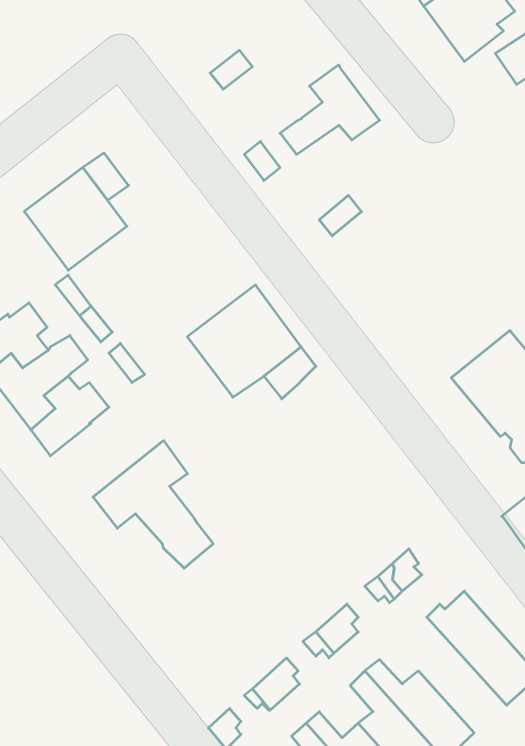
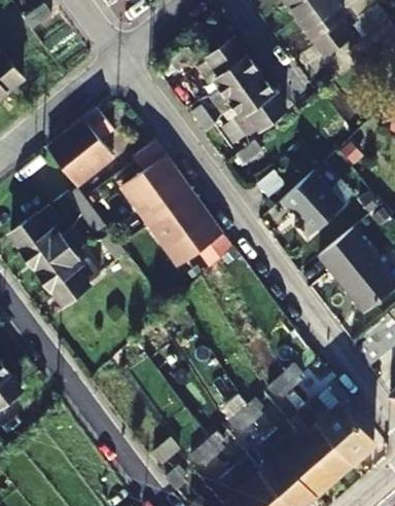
building: none -> [196,41,248,93]
building: none -> [235,94,286,138]
building: none -> [122,144,195,230]
building: none -> [279,172,344,240]
building: [93,441,213,568] -> none
building: none -> [294,407,354,480]

